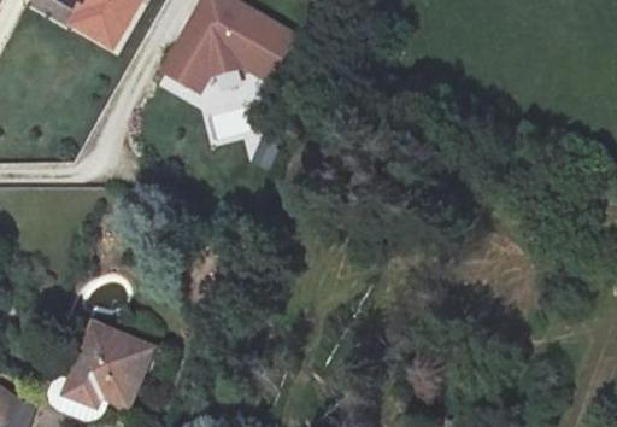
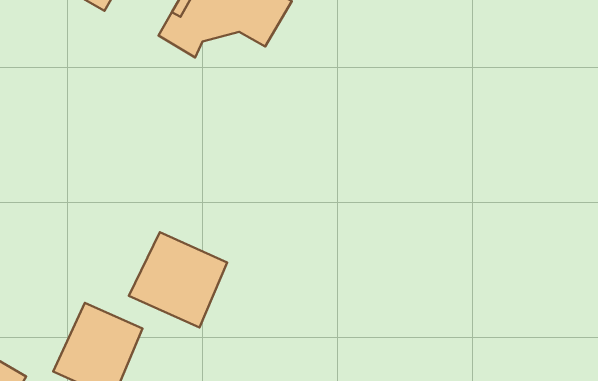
building: none -> [129,232,227,327]

